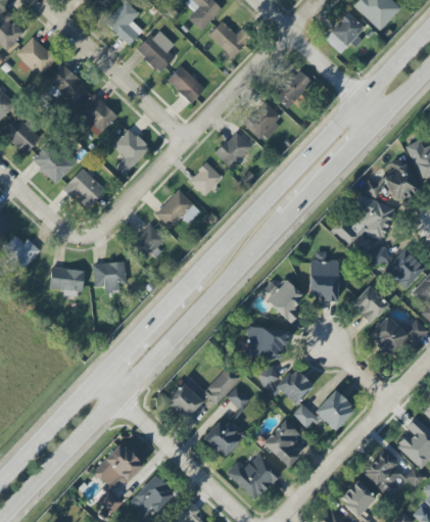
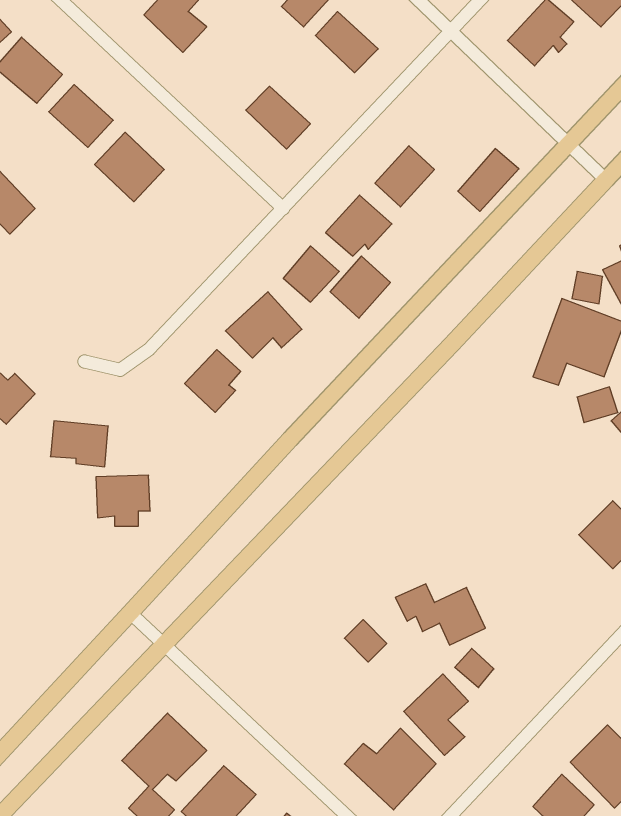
building: [138,29,176,73] -> none
building: [276,69,313,107] -> [458,149,519,211]
building: [113,128,151,176] -> none
building: [32,139,77,183] -> none
building: none -> [330,256,390,318]
building: [63,168,106,207] -> none
building: [309,255,339,301] -> none
building: [94,262,127,292] -> [96,475,150,526]
building: [260,278,304,322] -> none
building: [351,285,388,323] -> none
building: [246,327,285,358] -> none
building: [165,364,243,419] -> none
building: [315,389,356,430] -> none
building: [203,415,245,456] -> none

